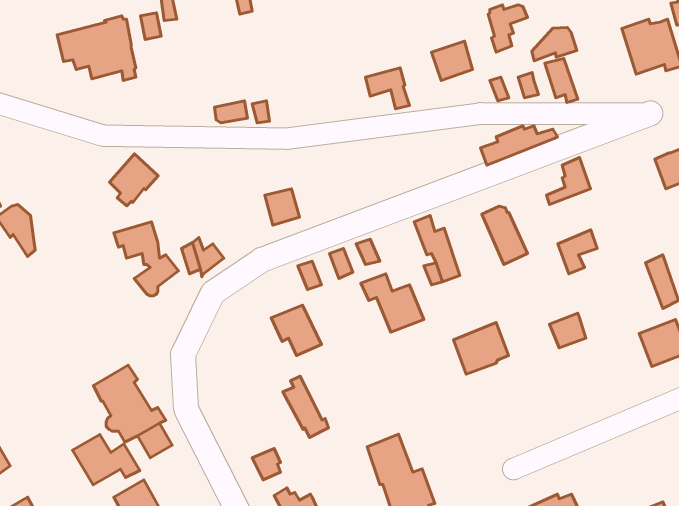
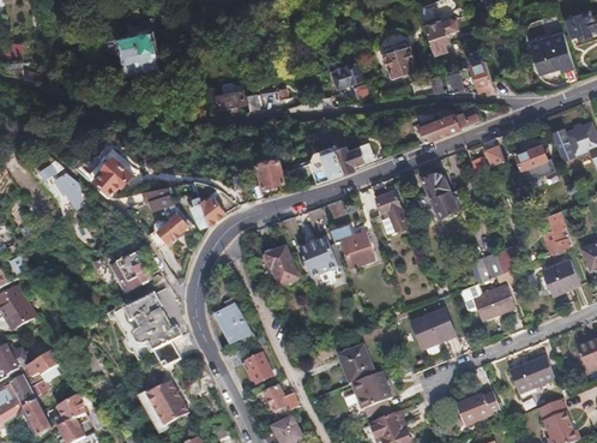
building: [532,28,577,61] -> none
building: [109,154,158,206] -> [95,157,132,197]
building: none -> [308,145,363,184]
building: [558,230,597,274] -> [518,142,548,175]
building: none -> [301,239,338,279]
building: none -> [109,250,150,292]
building: [454,322,509,374] -> [411,309,453,348]
building: none -> [472,285,514,318]
building: [283,376,328,437] -> [217,301,252,348]
building: [72,434,140,485] -> none
building: none -> [508,355,554,394]

